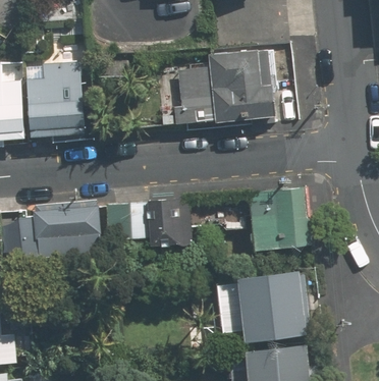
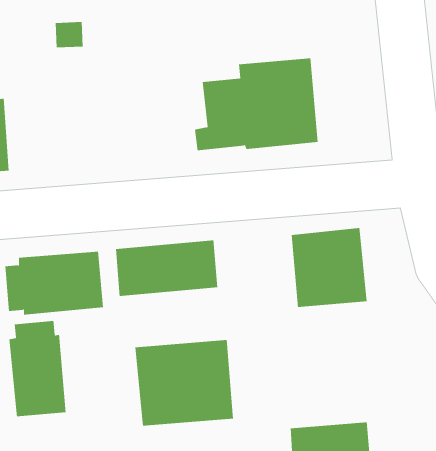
building: [24,59,85,140] -> none
building: none -> [9,320,66,417]
building: [237,269,318,339] -> [135,340,234,426]

